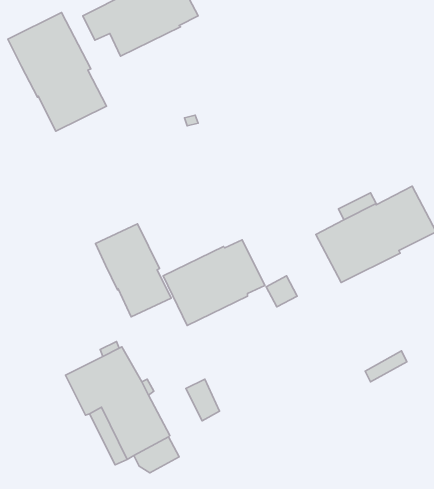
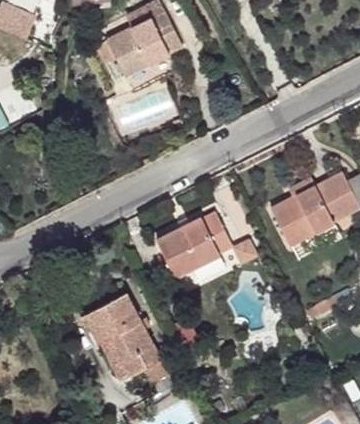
building: [8,13,106,131] -> none
building: [95,224,171,317] -> none

